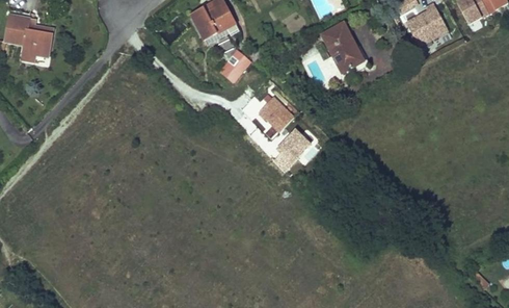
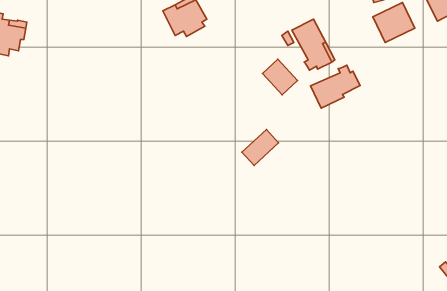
building: [220,49,250,79] -> none
building: none -> [311,65,360,108]
building: [258,96,293,132] -> [263,59,297,95]

